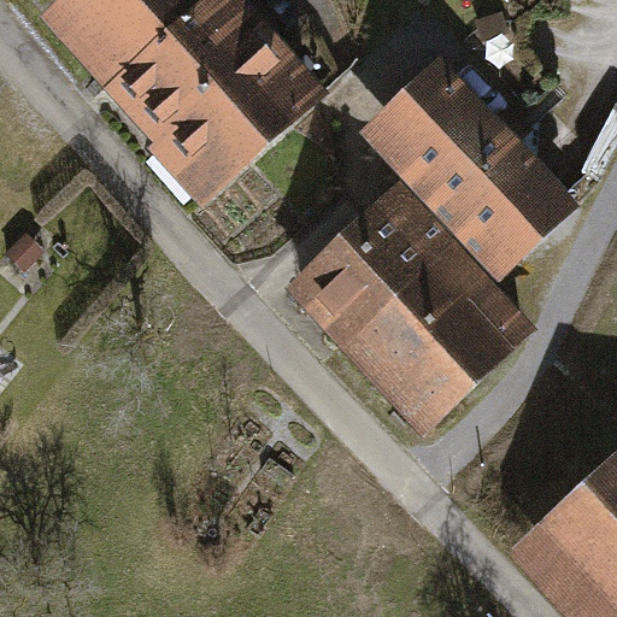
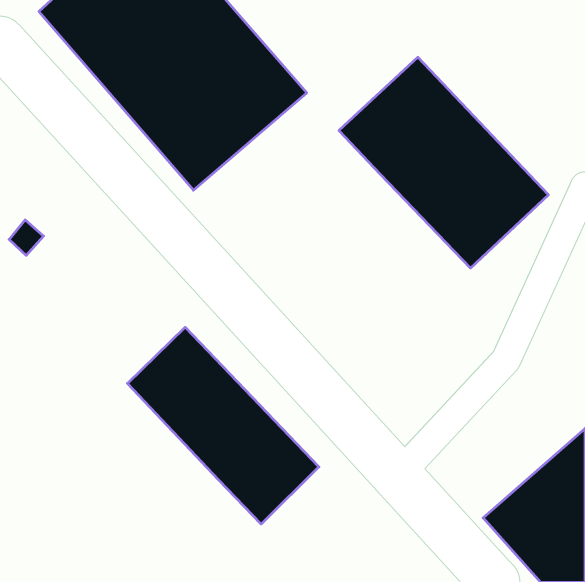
building: [293,183,535,425] -> none
building: none -> [127,327,319,524]

